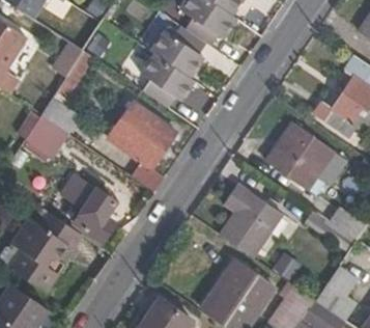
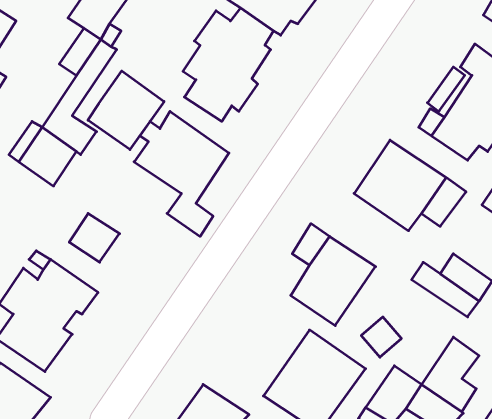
building: none -> [88,71,164,150]
building: [75,190,116,241] -> none

